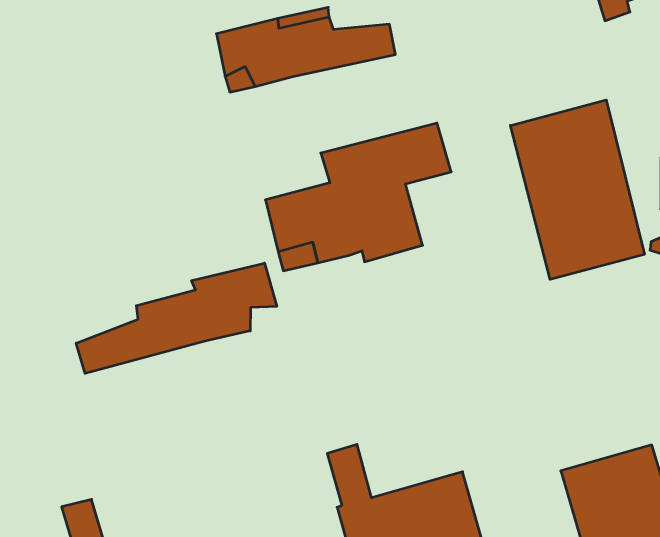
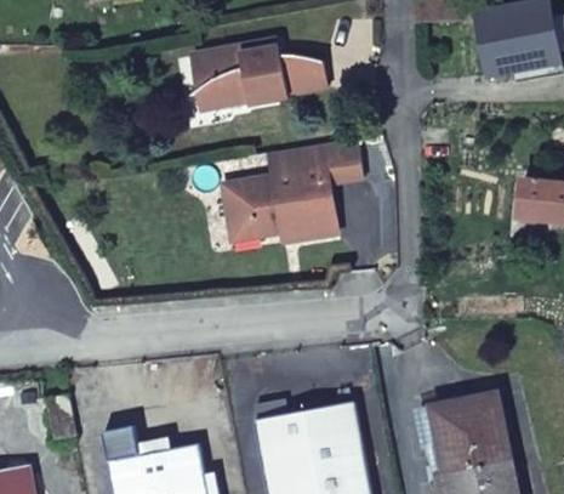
building: [510,100,644,279] -> none
building: [76,263,277,373] -> none

